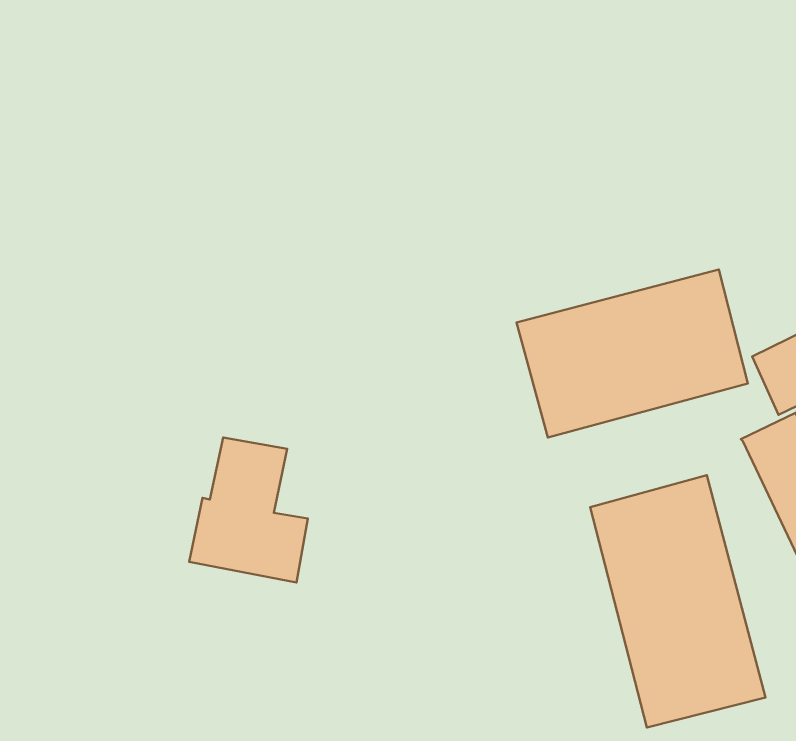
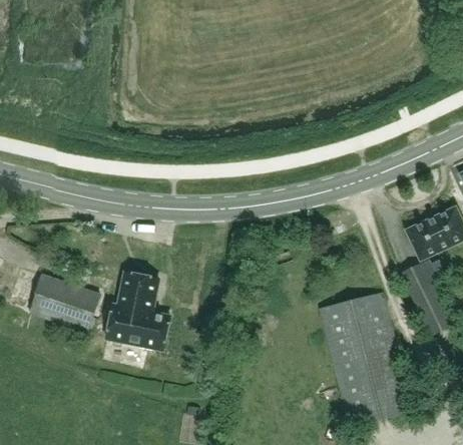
building: [517,269,748,438] -> none
building: none -> [29,274,99,331]

